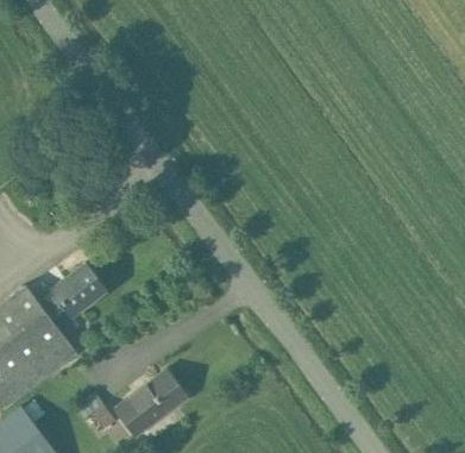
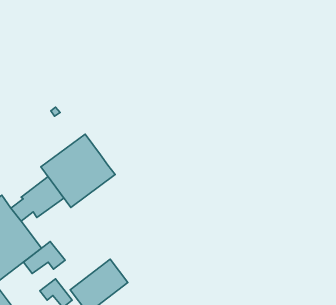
building: none -> [41,134,115,207]
building: none -> [24,241,65,274]

